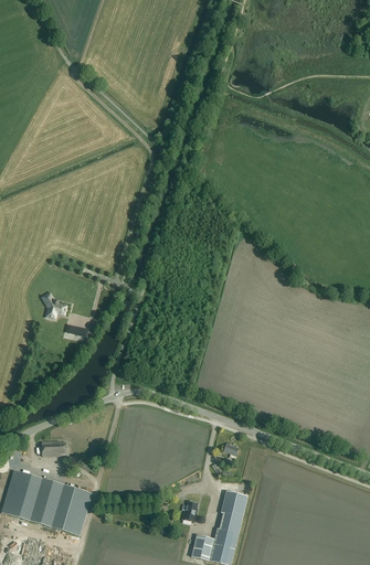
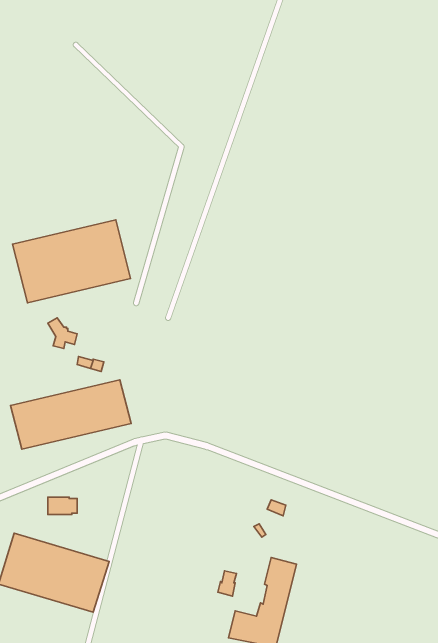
building: none -> [13,220,131,303]
building: none -> [11,380,131,449]

